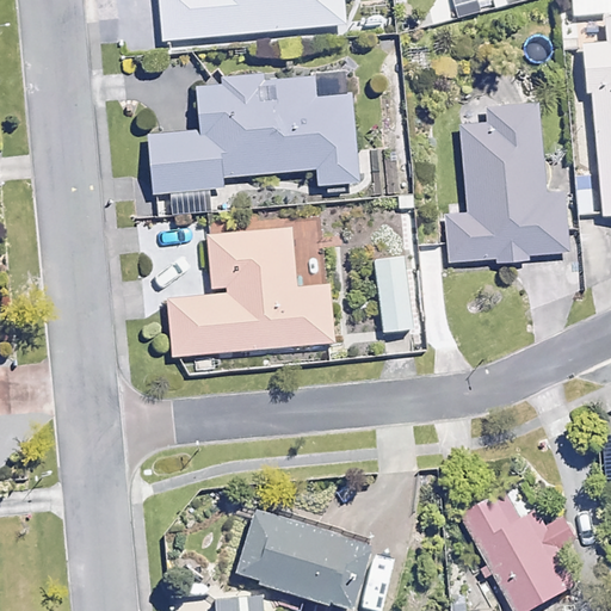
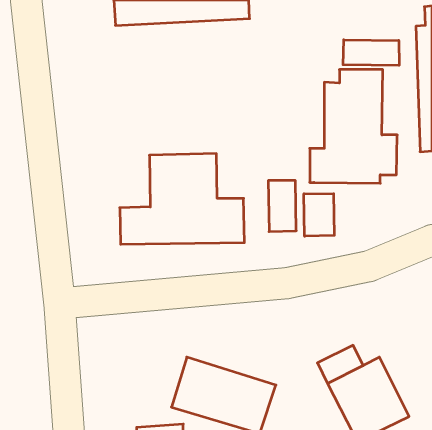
building: none -> [343,40,399,65]
building: [154,74,374,192] -> none
building: none -> [304,194,334,236]

